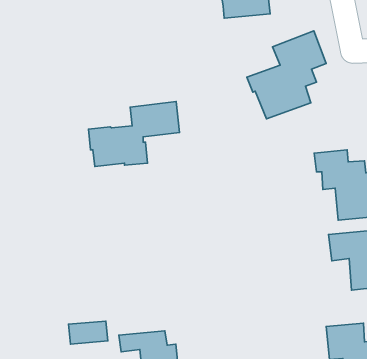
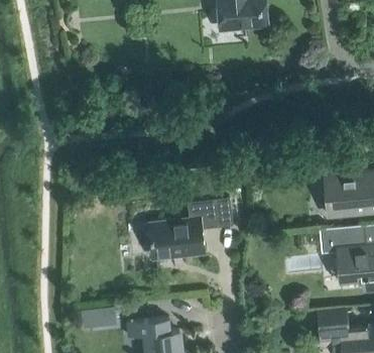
building: [247,31,326,119] -> none
building: [88,102,179,166] -> [150,198,234,257]

